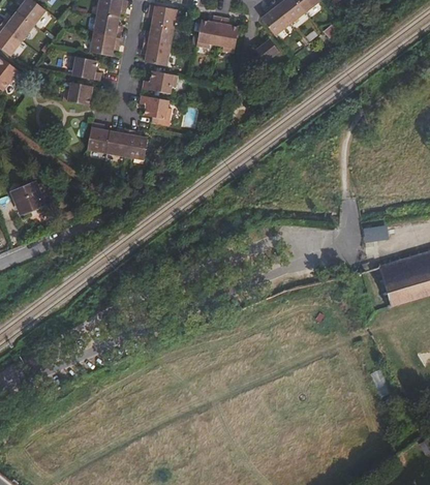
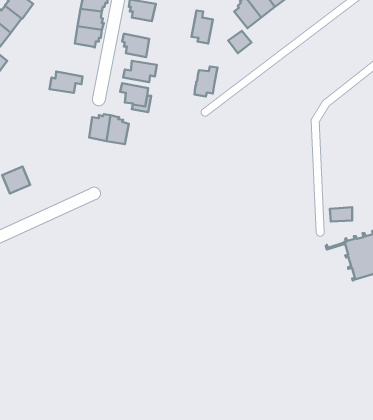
building: [195,16,220,48] -> [194,66,218,96]
building: [143,24,173,47] -> none
building: [69,55,100,81] -> none
building: [86,122,109,152] -> none

